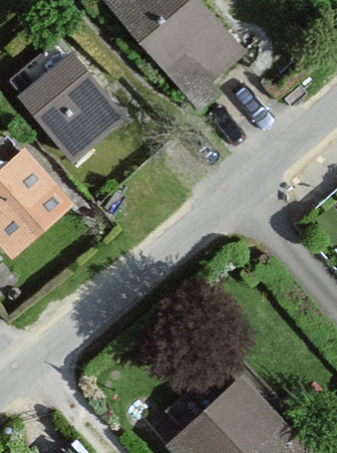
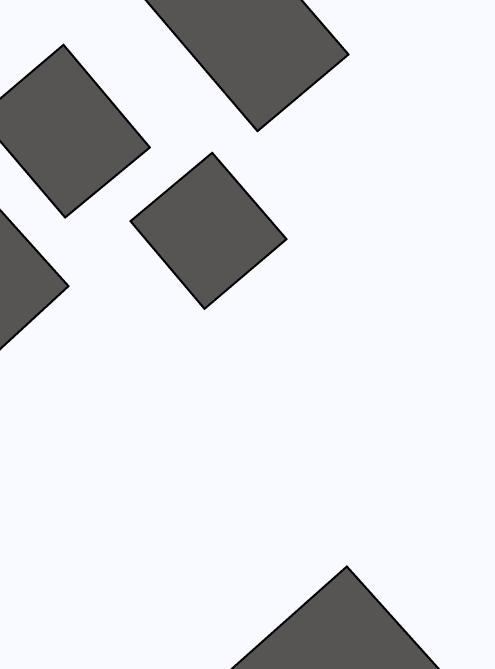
building: none -> [130,153,286,309]

